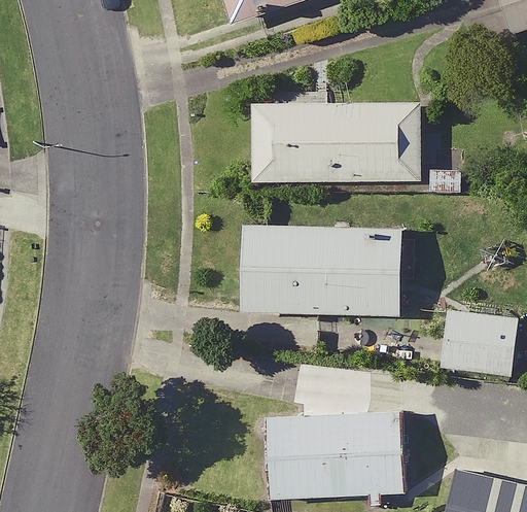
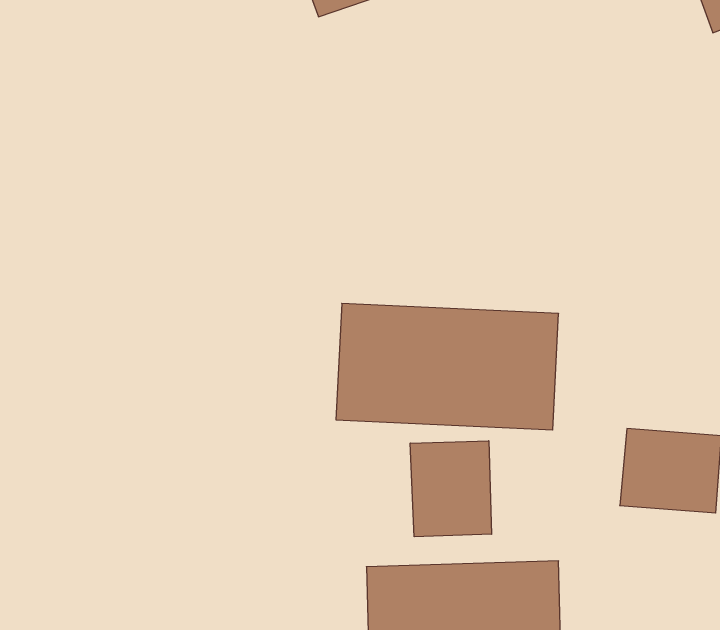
building: [251,102,420,181] -> none
building: none -> [410,441,492,537]

